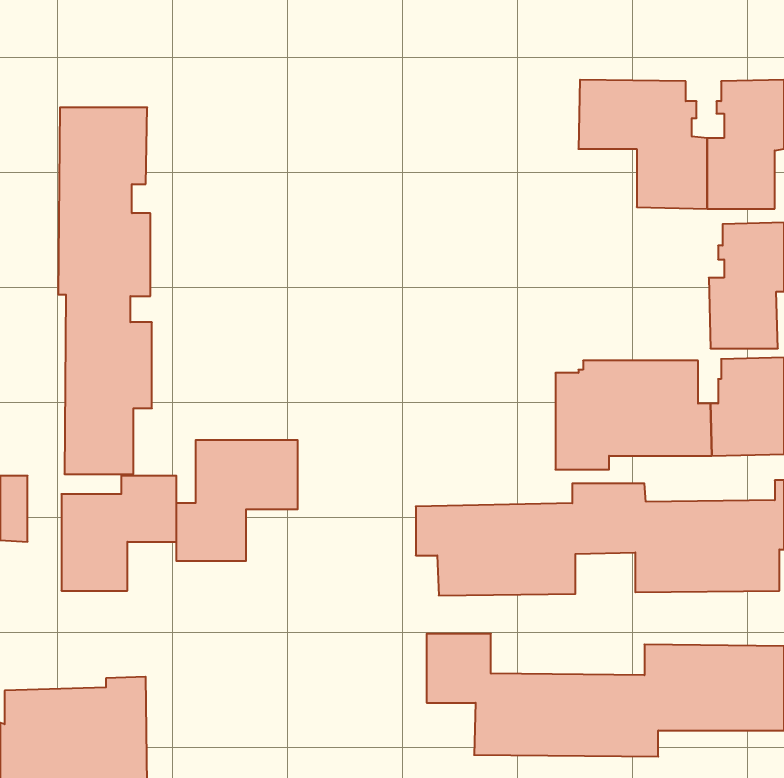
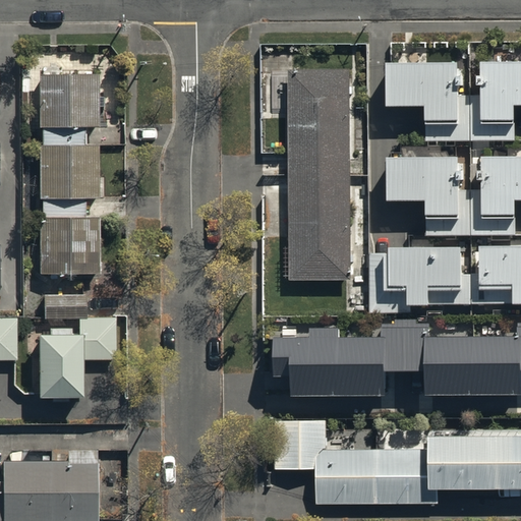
building: none -> [285,68,350,280]
building: none -> [386,151,471,236]
building: [176,440,298,561] -> none

